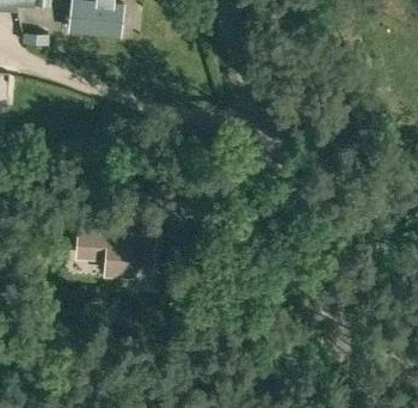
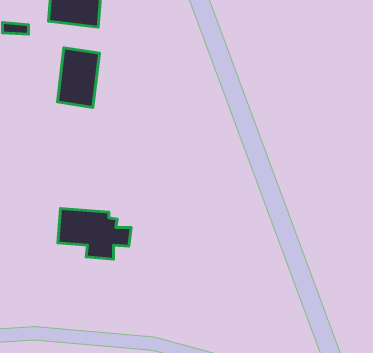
building: none -> [57,48,99,107]

